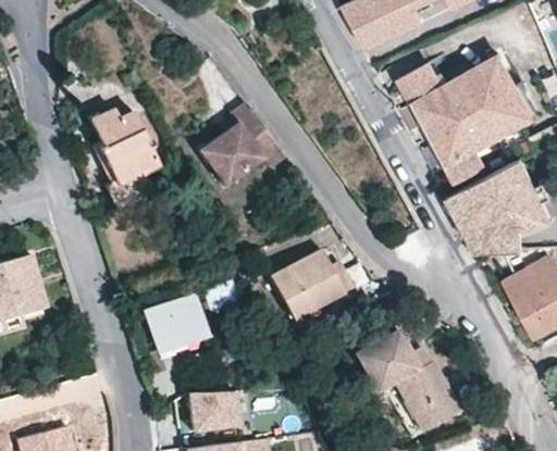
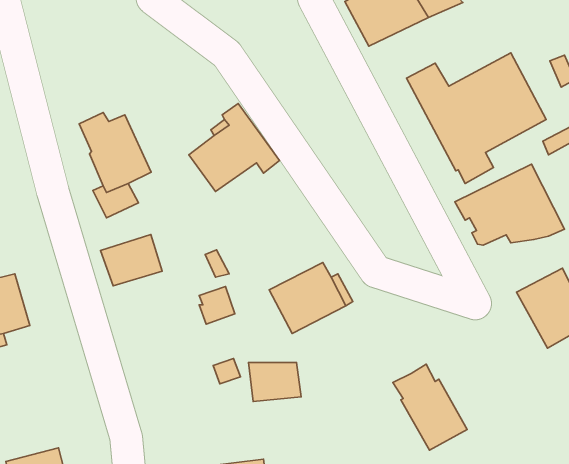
building: [469,225,525,251] -> none
building: [147,298,206,347] -> [100,234,162,286]
building: [355,335,406,392] -> none
building: [189,392,239,429] -> [248,362,301,401]

